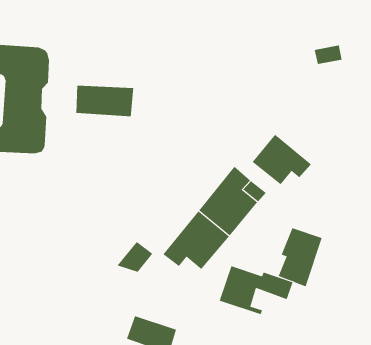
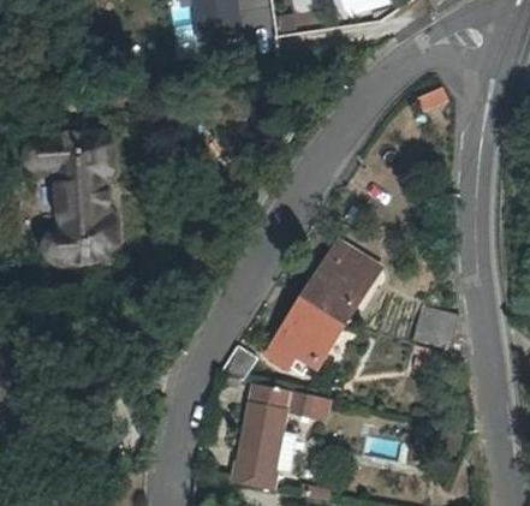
building: [76,85,134,117] -> none
building: [252,134,312,185] -> none
building: [219,265,294,315] -> [244,387,328,440]

